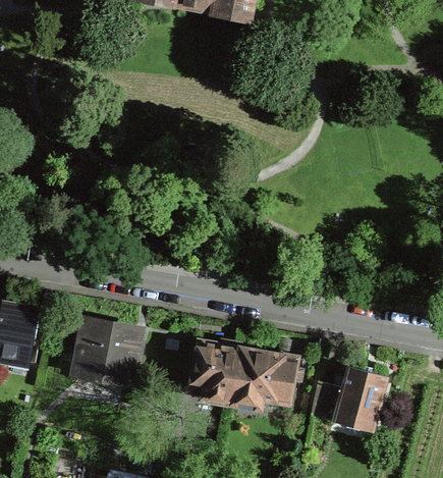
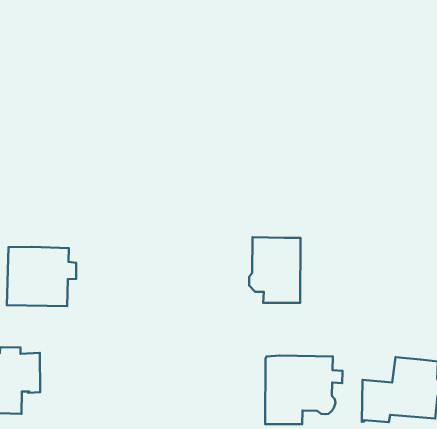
building: [77,321,141,378] -> [7,247,76,306]
building: [190,342,239,404] -> [249,237,300,303]

